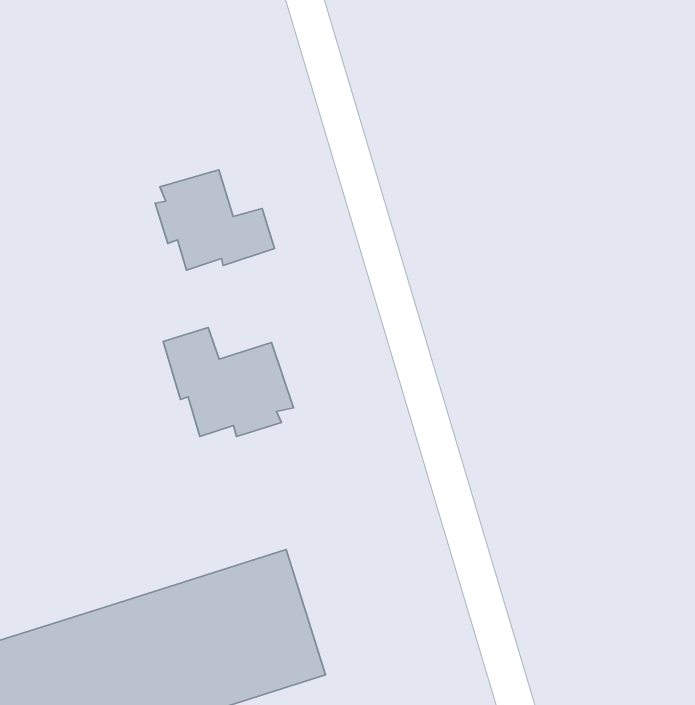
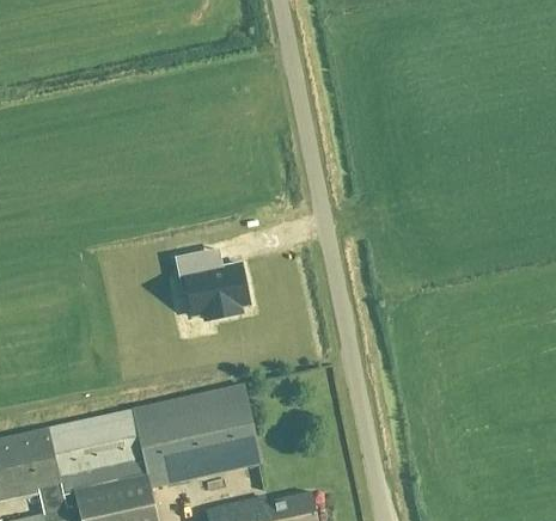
building: [155,170,275,270] -> none

